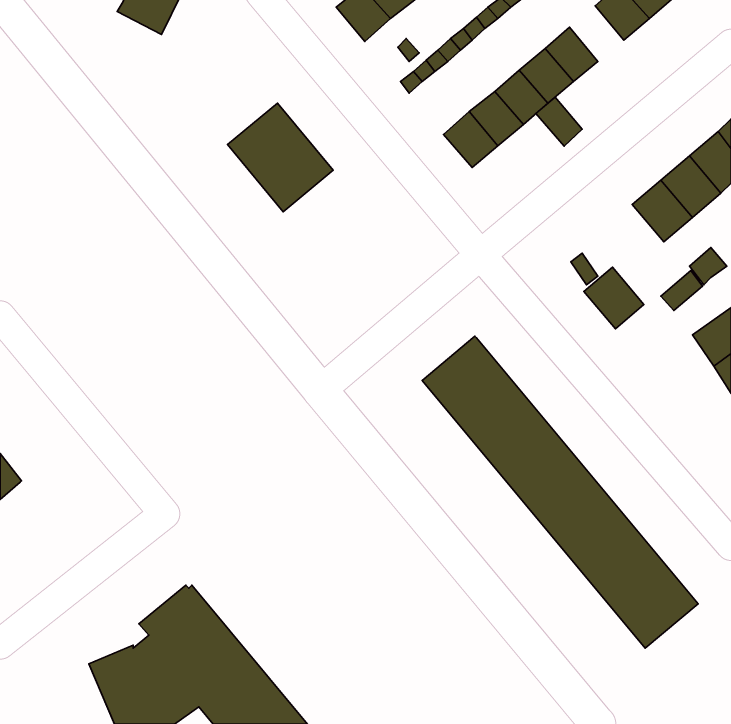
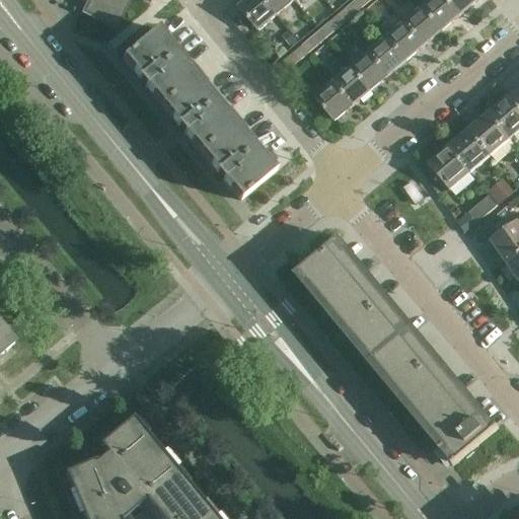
building: none -> [403,4,442,44]
building: none -> [122,25,197,102]
building: [536,97,582,146] -> none
building: none -> [201,121,276,198]
building: [584,267,644,329] -> [428,145,470,189]

